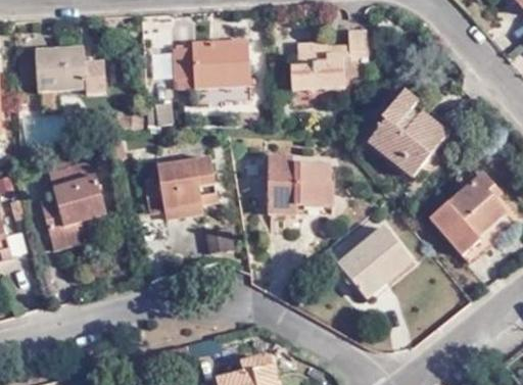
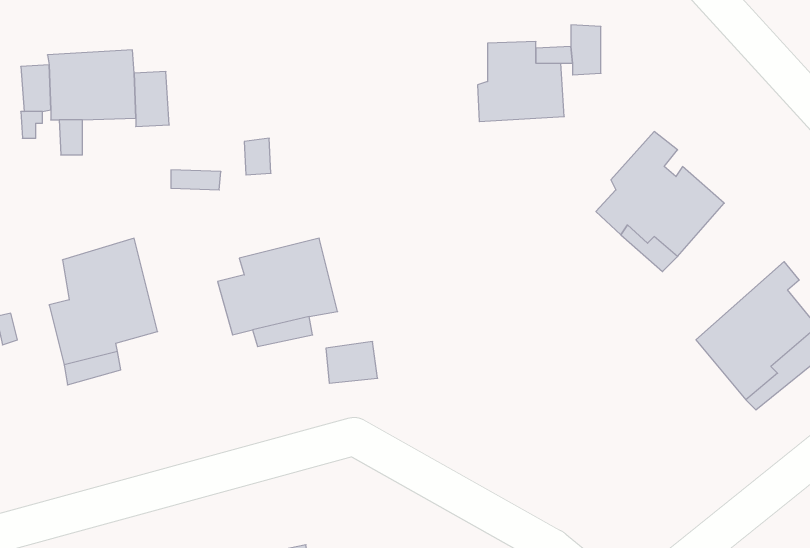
building: [172,37,249,96] -> none
building: [258,160,325,222] -> none
building: [339,226,413,296] -> none

